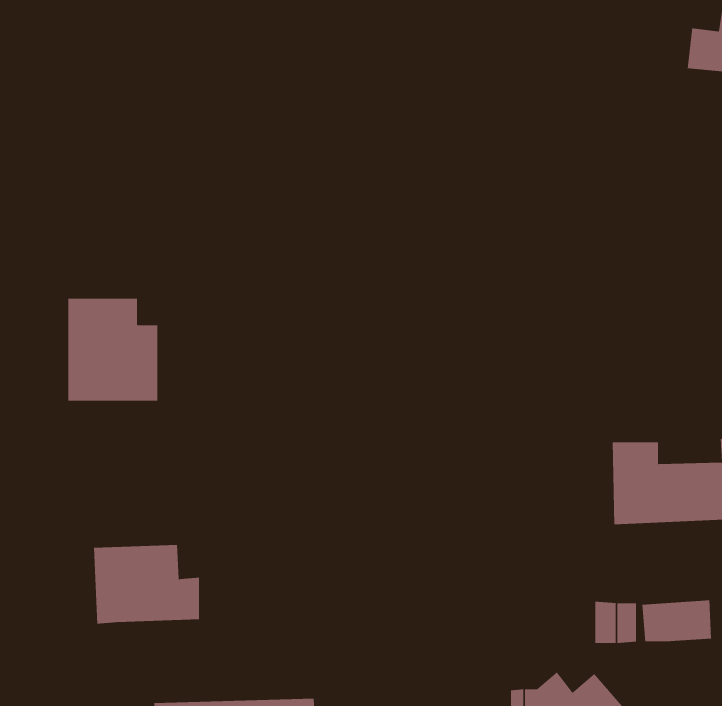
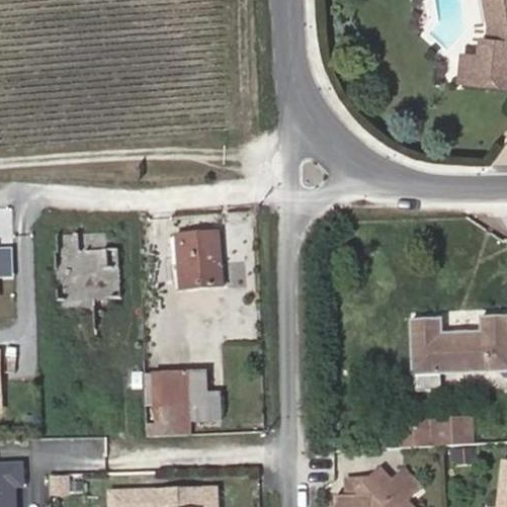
building: none -> [176,232,222,289]
building: [93,544,200,624] -> [157,368,226,420]

